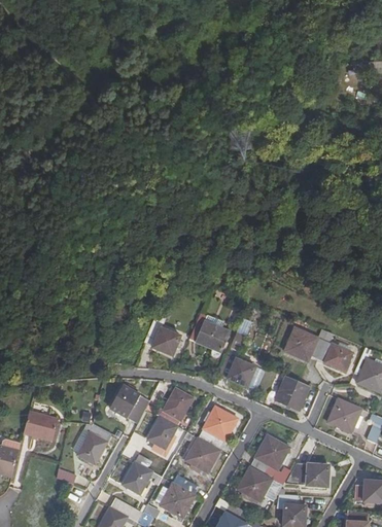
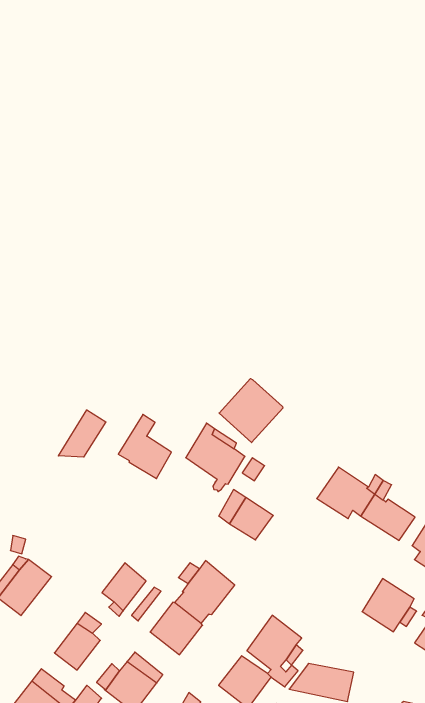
building: none -> [219,379,283,443]
building: none -> [58,410,106,457]
building: [275,376,309,410] -> none
building: [109,386,149,423] -> none
building: [155,388,193,426] -> none

